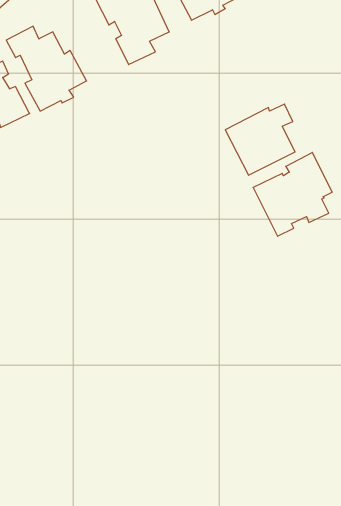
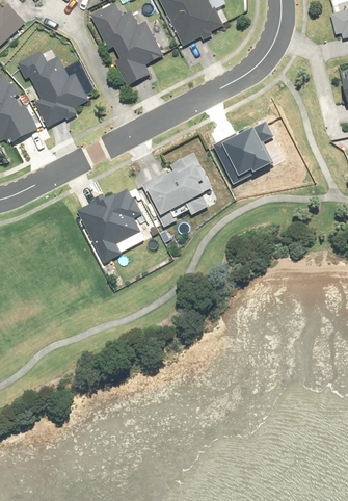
building: [253,152,332,236] -> [140,152,211,227]
building: none -> [76,188,141,262]

